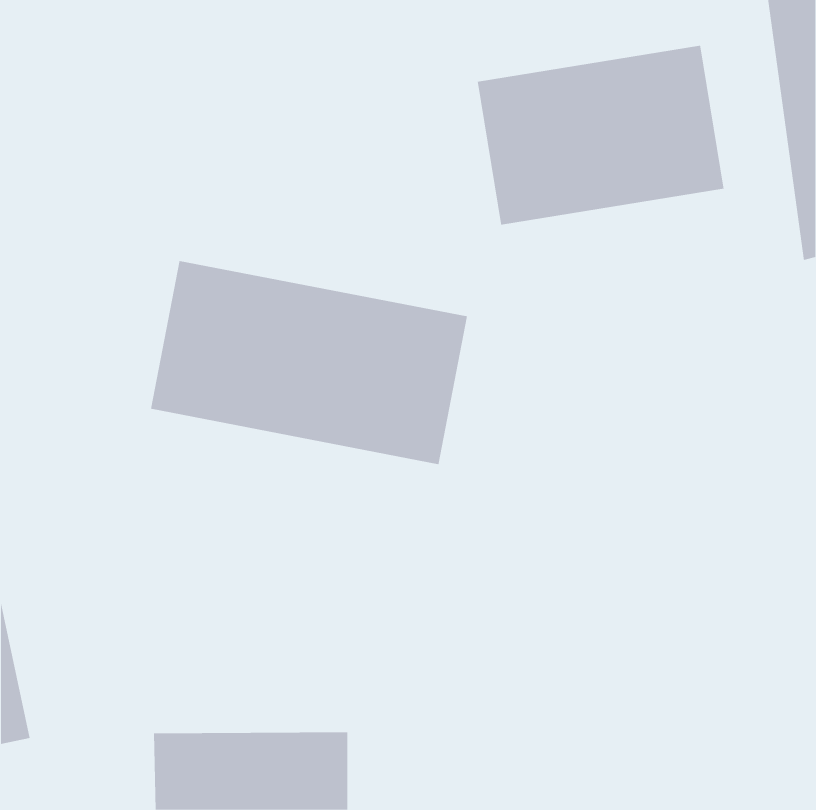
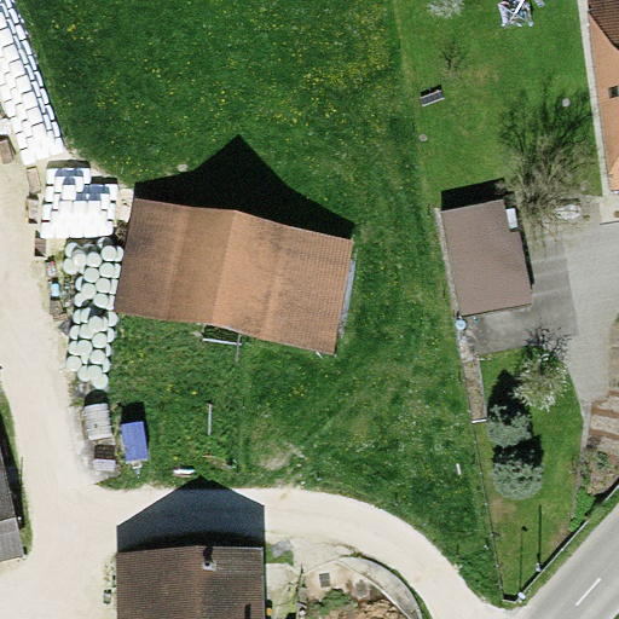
building: [477,45,724,225] -> none
building: none -> [442,199,532,316]

